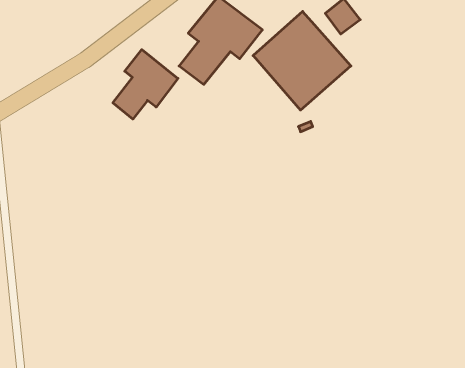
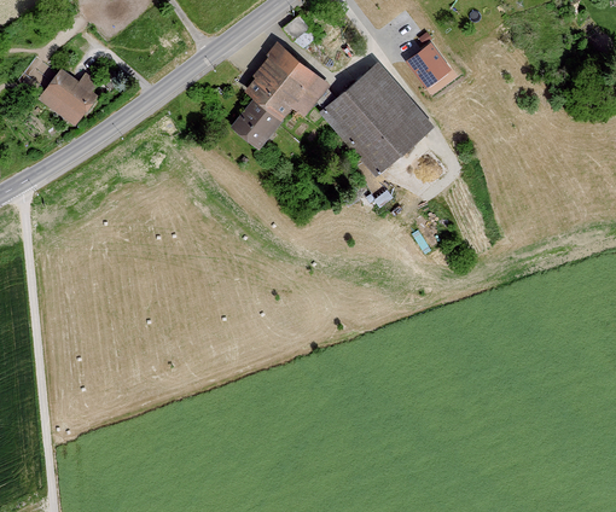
building: none -> [39,68,98,127]
building: [113,50,178,119] -> none

